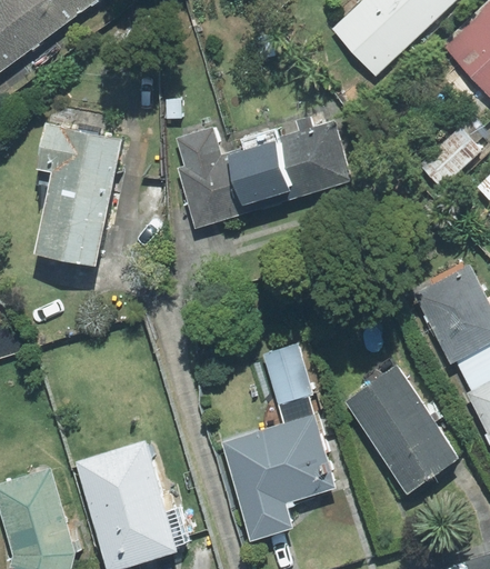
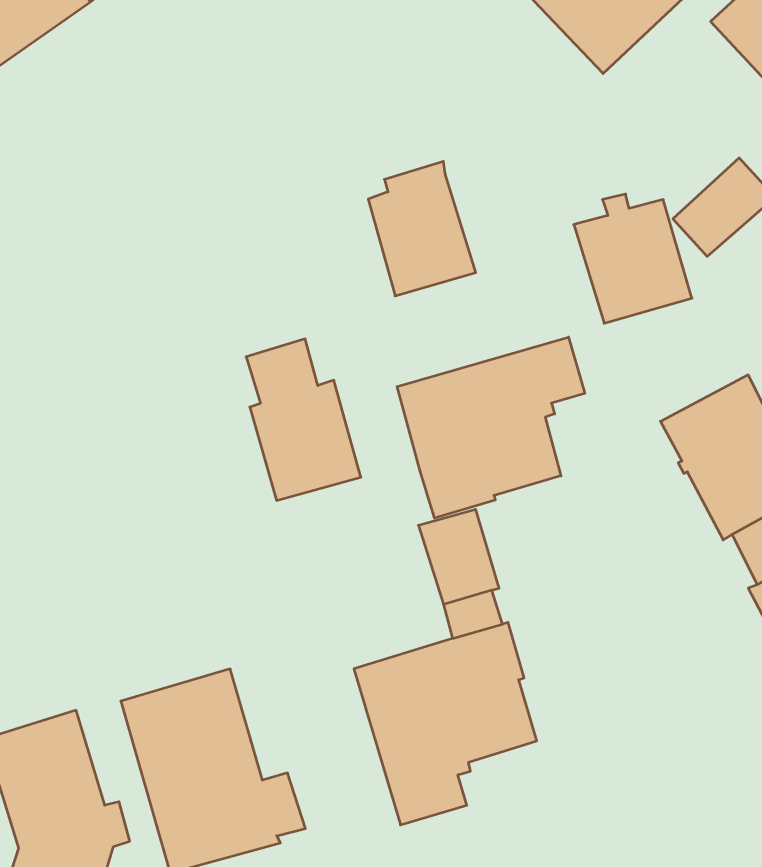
building: [278,118,351,198] -> [574,194,692,323]
building: [34,124,121,266] -> none
building: [176,127,247,227] -> [246,339,361,500]
building: none -> [397,337,585,518]
building: [344,368,458,492] -> none

